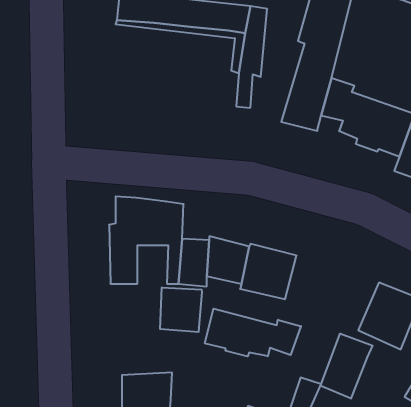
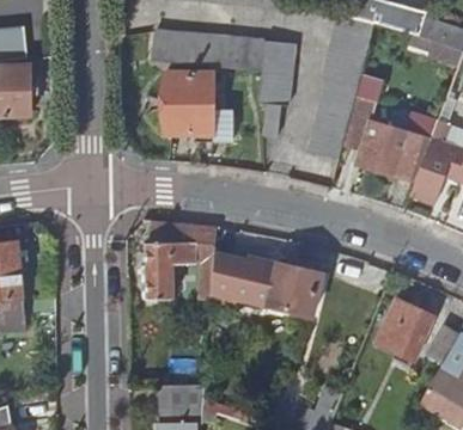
building: none -> [164,72,234,142]
building: [160,287,202,332] -> none
building: [205,309,301,356] -> none
building: [320,334,373,399] -> none

